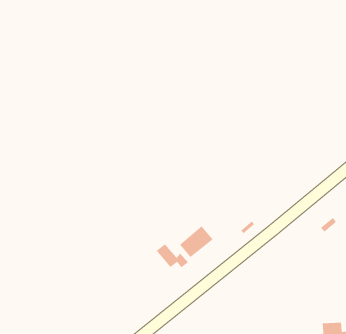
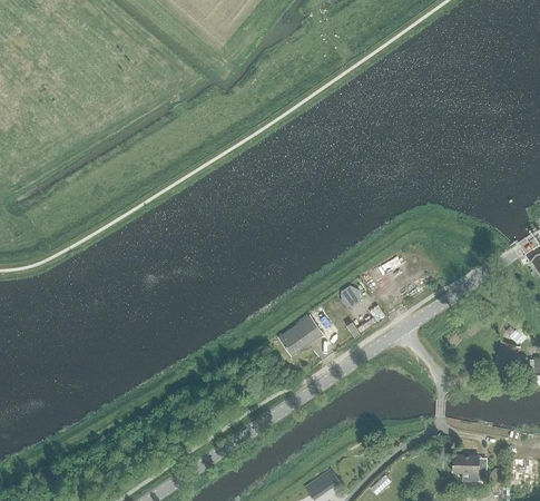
building: [156,243,189,268] -> none

